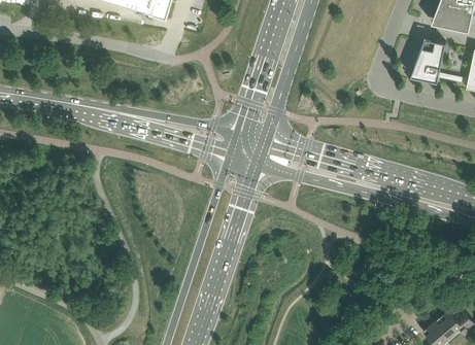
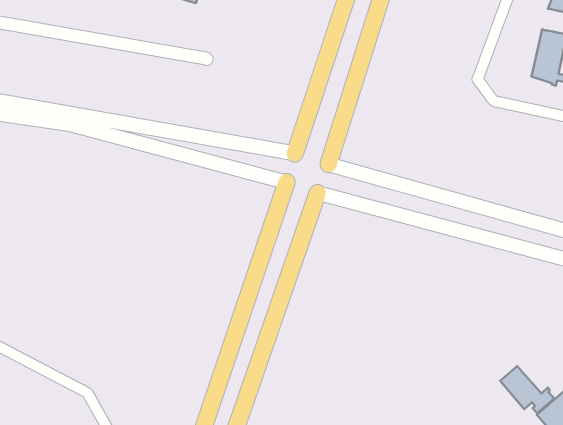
building: none -> [500,366,554,413]

